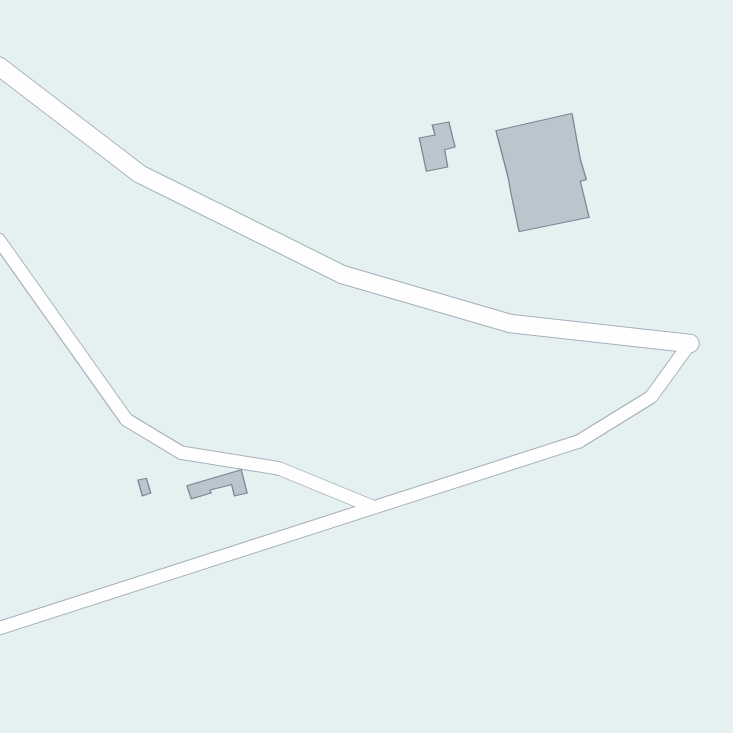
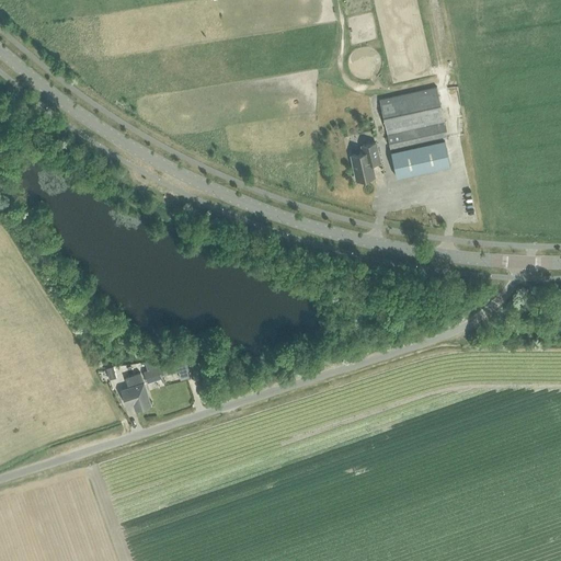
building: [419,122,455,171] -> [351,144,378,181]
building: none -> [121,373,149,410]

